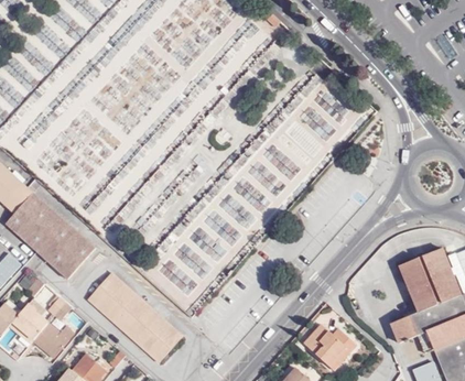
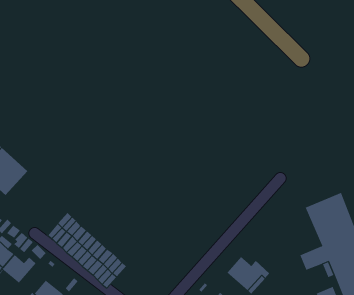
building: [36,221,93,276] -> none

